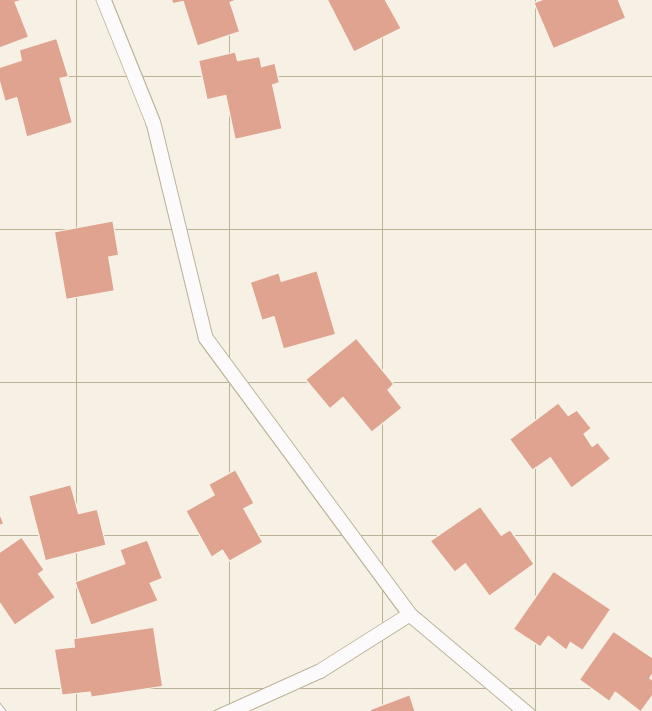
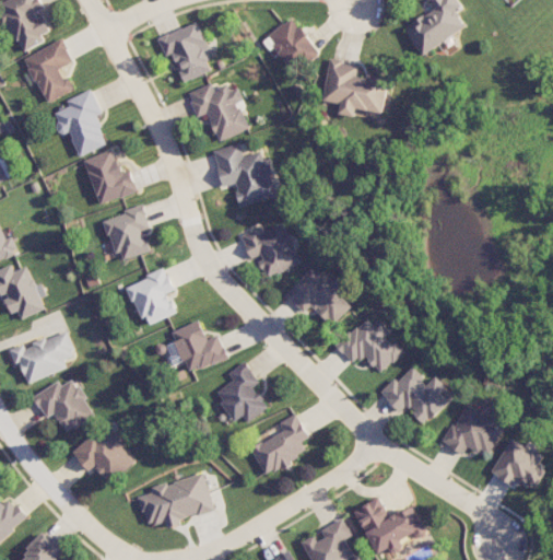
building: none -> [320,60,386,117]
building: none -> [82,151,136,206]
building: none -> [211,144,274,206]
building: none -> [126,270,174,327]
building: [510,403,611,488] -> [333,318,402,374]
building: [28,485,106,561] -> [169,322,225,374]
building: [75,540,162,625] -> [248,415,306,476]

